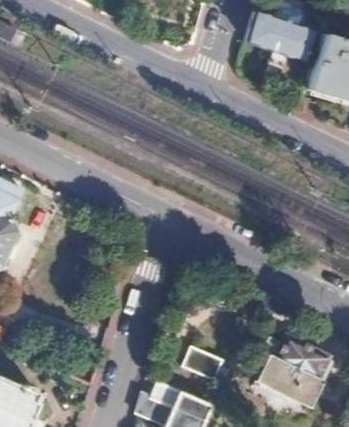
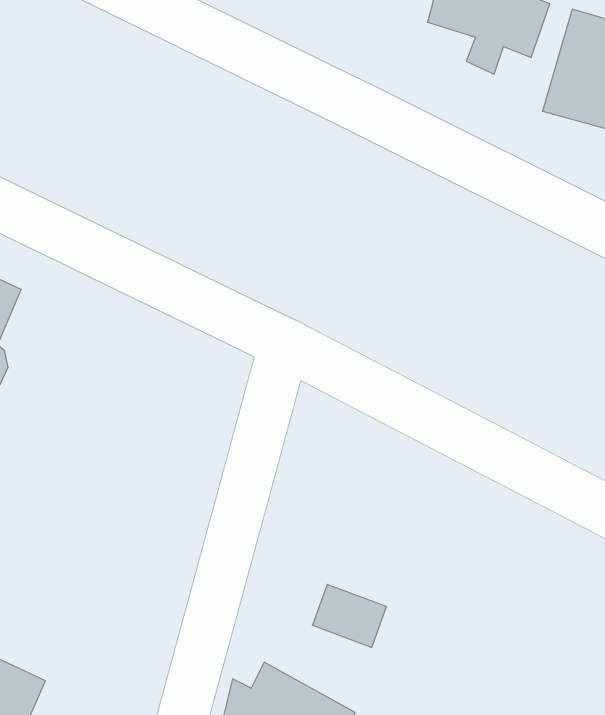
building: [262,337,335,408] -> none

